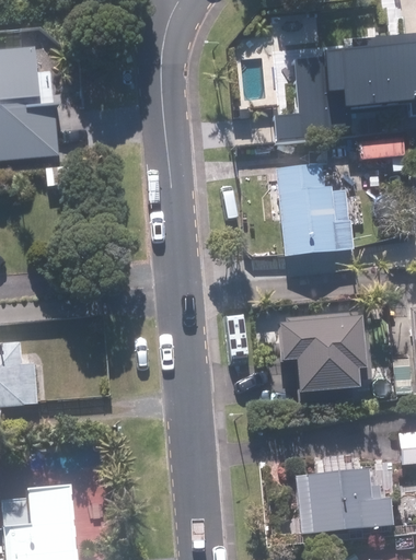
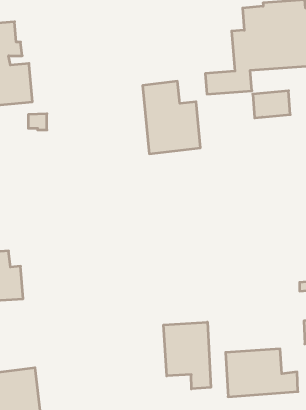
building: [278,164,353,257] -> [143,81,200,154]
building: [287,311,372,395] -> none
building: none -> [164,322,211,389]

